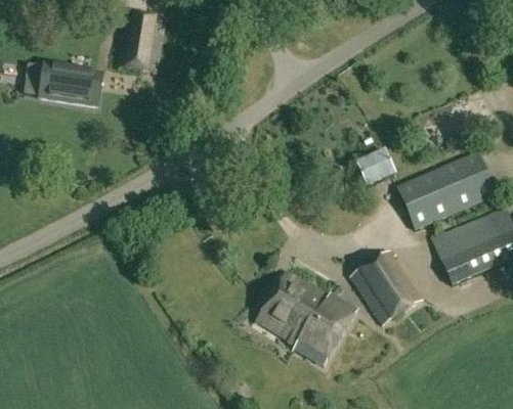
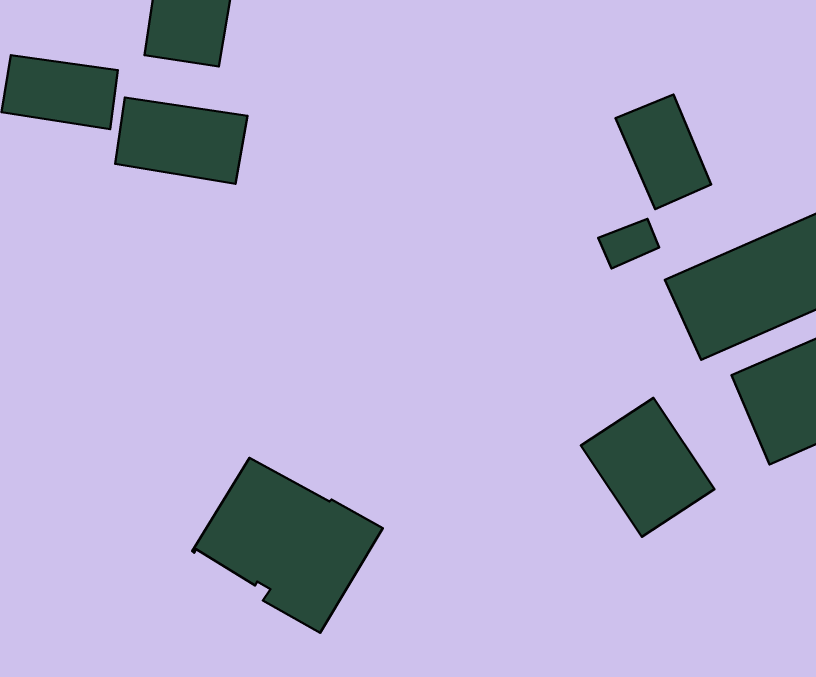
building: none -> [615,94,711,209]
building: none -> [115,97,248,184]
building: [255,271,357,365] -> [192,458,383,633]

